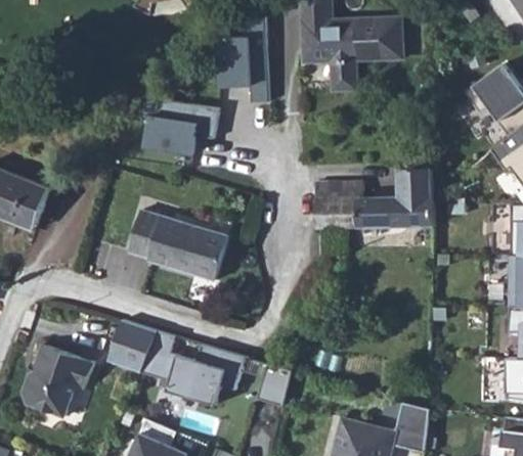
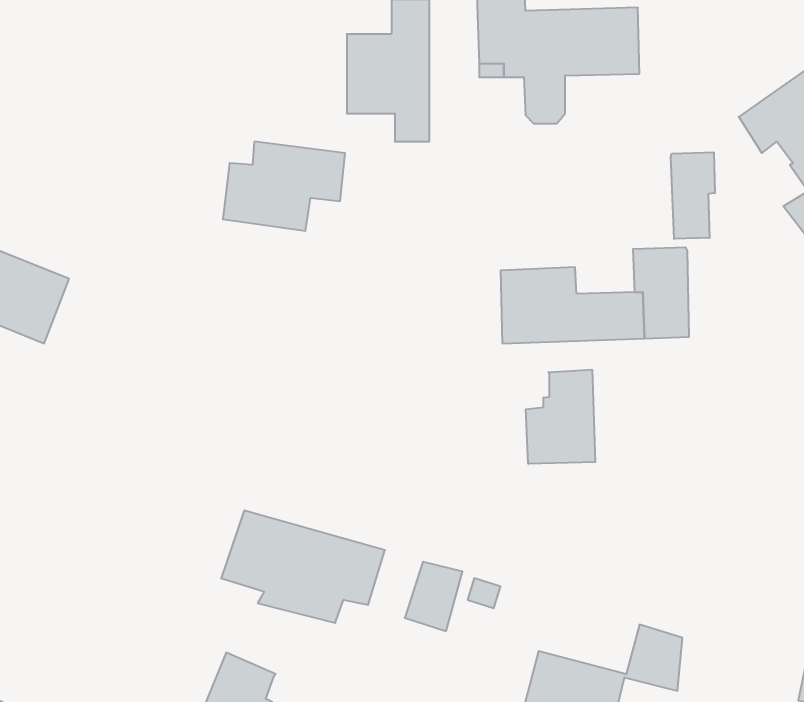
building: none -> [671,152,715,239]
building: [129,211,229,281] -> none
building: none -> [526,370,595,464]
building: [106,319,158,373] -> none
building: [21,336,92,409] -> none

